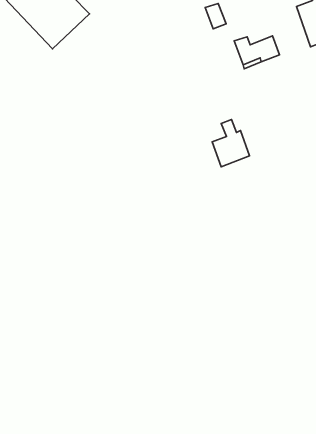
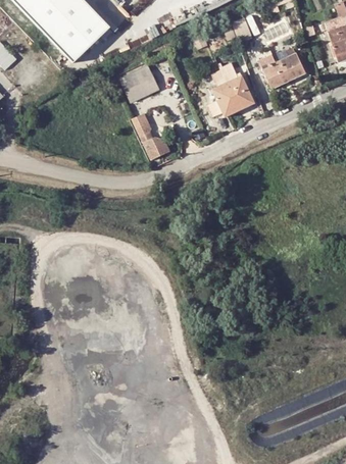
building: none -> [117,63,158,103]
building: none -> [130,113,166,160]
building: [212,120,249,167] -> [214,64,252,112]

